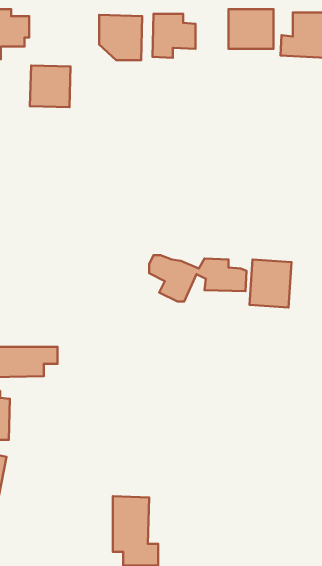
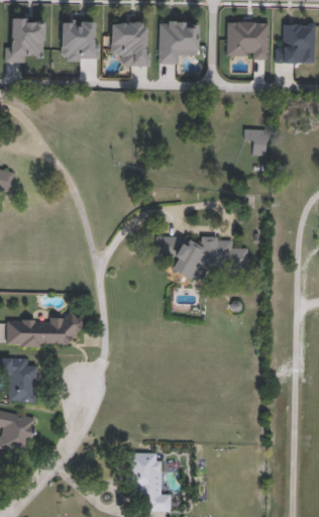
building: [30,65,71,107] -> [67,20,103,58]
building: none -> [242,129,265,157]
building: [249,259,292,308] -> none

